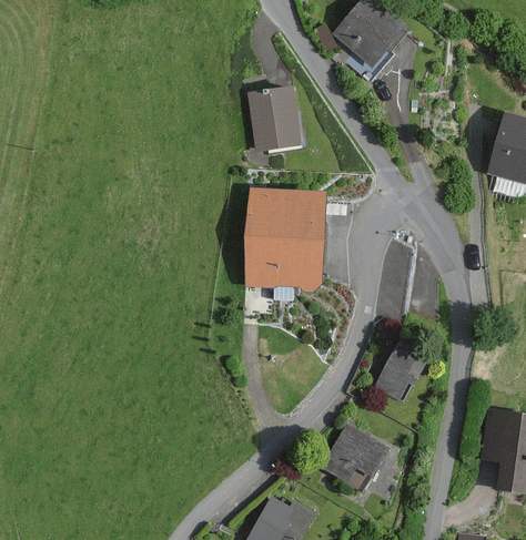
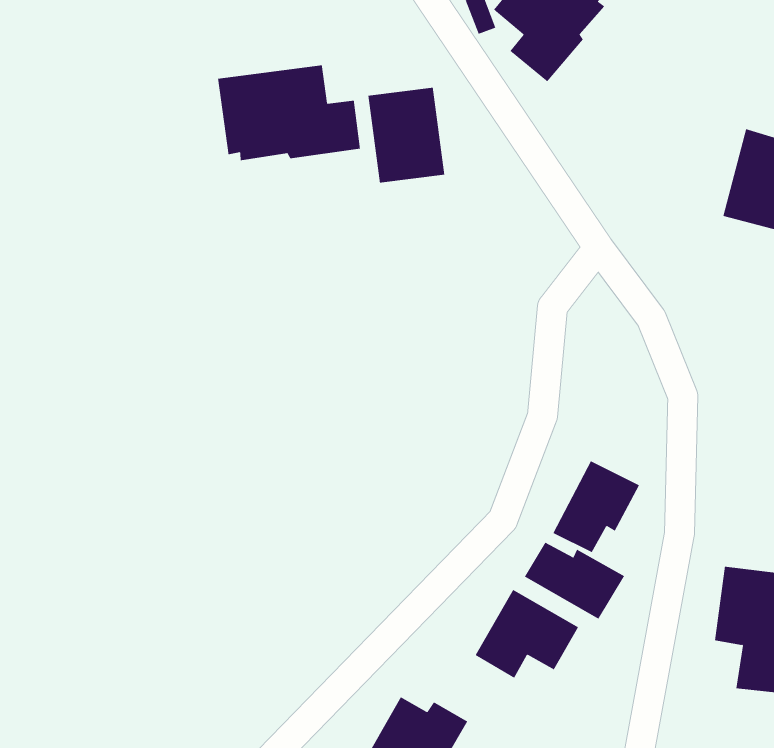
building: none -> [217,64,361,161]
building: [247,187,327,300] -> none
building: none -> [524,542,625,620]

